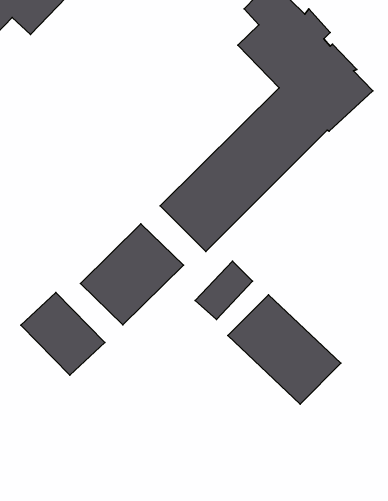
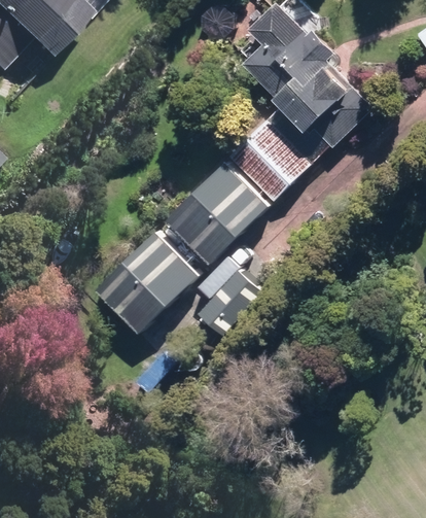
building: [21,293,105,375] -> none
building: [228,295,341,404] -> none

